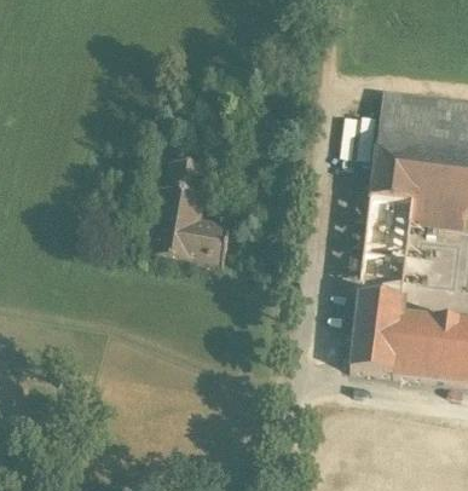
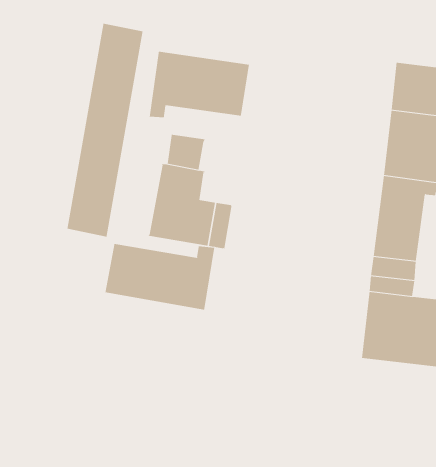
building: none -> [67,23,143,237]
building: none -> [149,51,249,118]
building: none -> [105,243,215,310]

